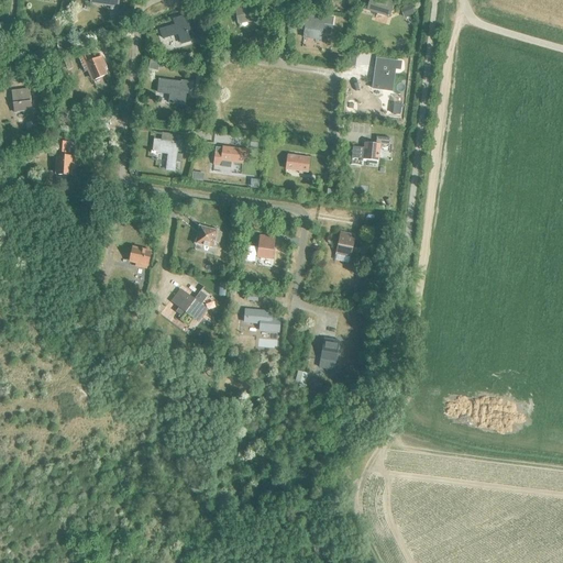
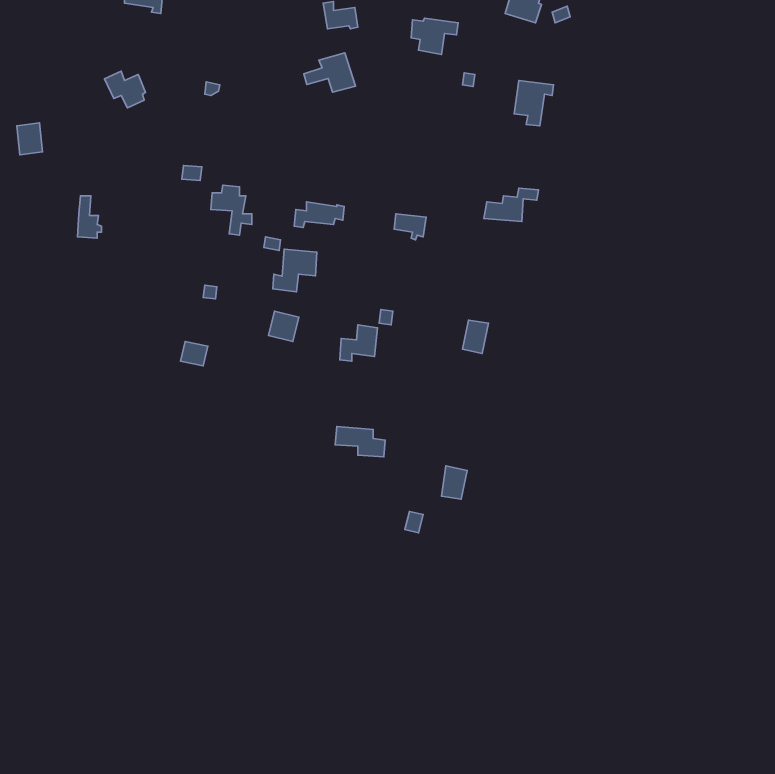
building: [161,14,198,43] -> [304,53,355,92]
building: [157,79,189,104] -> none
building: none -> [273,249,317,292]
building: [170,288,207,319] -> none

